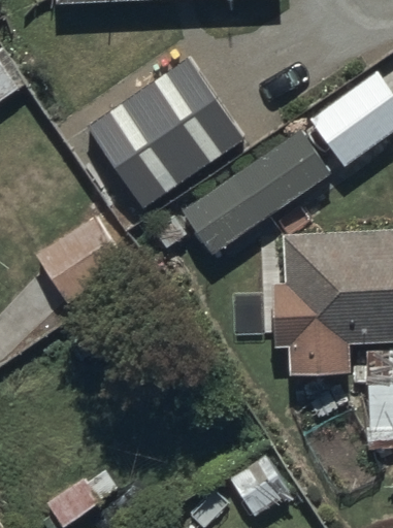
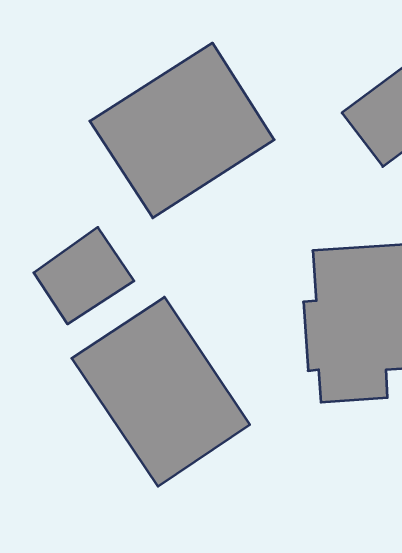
building: [182,129,332,260] -> none
building: none -> [72,297,250,486]

